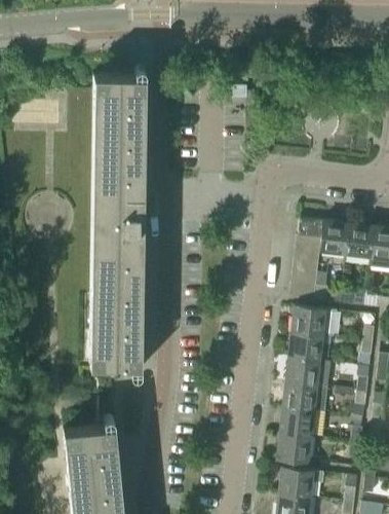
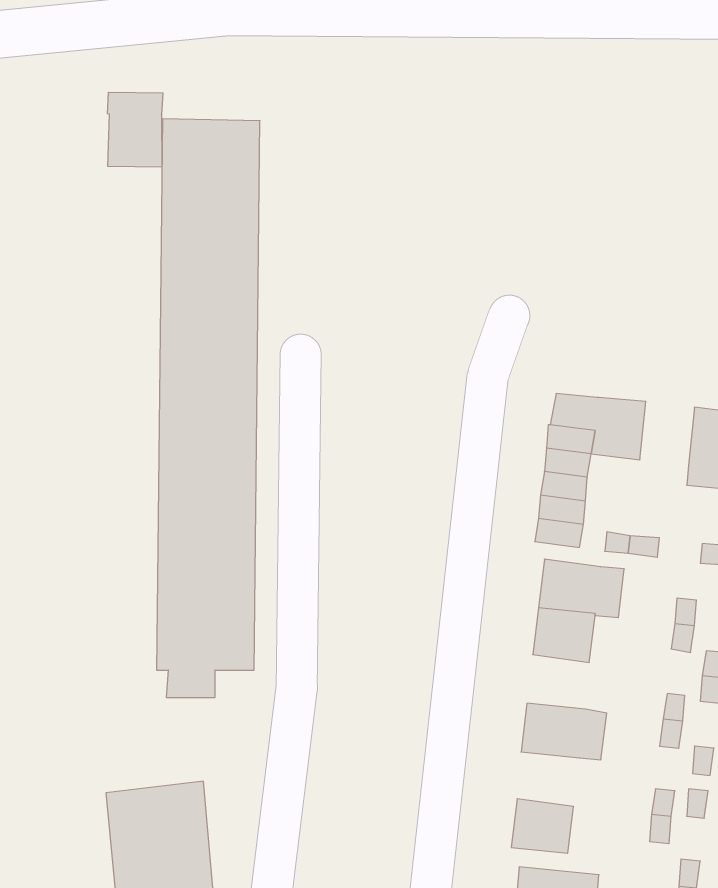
building: none -> [107,92,163,167]
building: [346,222,375,256] -> none
building: [286,356,332,387] -> none
building: [281,407,314,436] -> none

